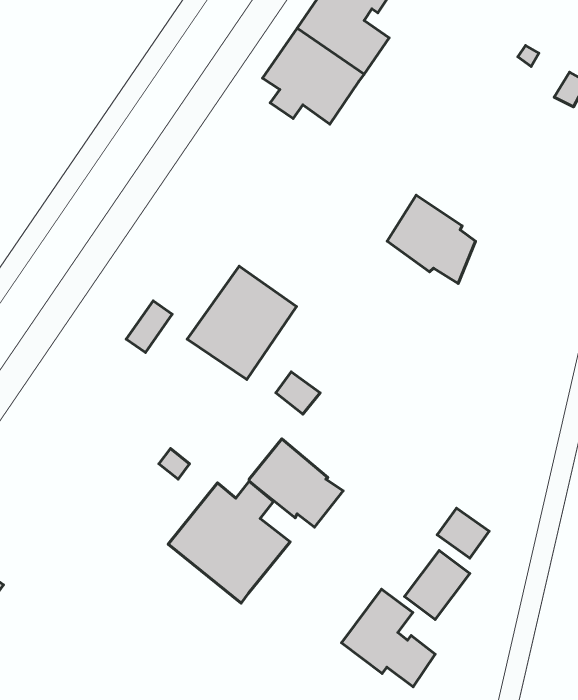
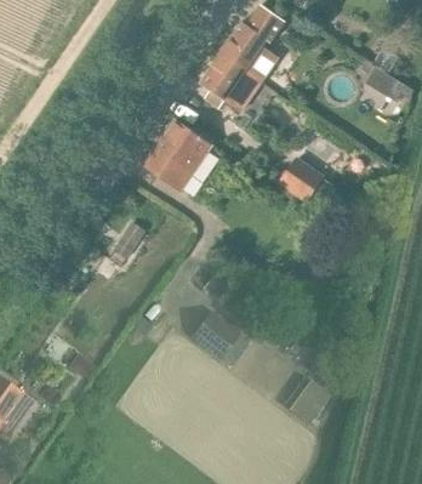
building: [187,266,297,379] -> [142,118,211,189]
building: [168,481,290,603] -> none
building: [341,589,435,687] -> none

